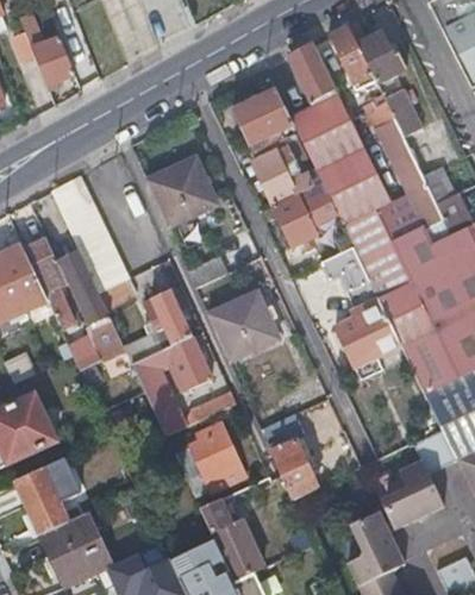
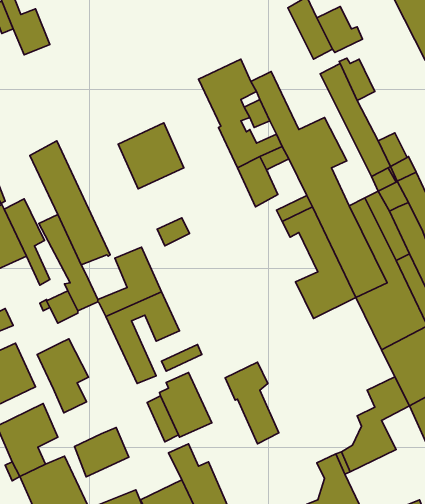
building: [287,43,367,164] -> none
building: [207,290,279,361] -> none
building: none -> [37,339,88,413]
building: none -> [74,428,129,477]

